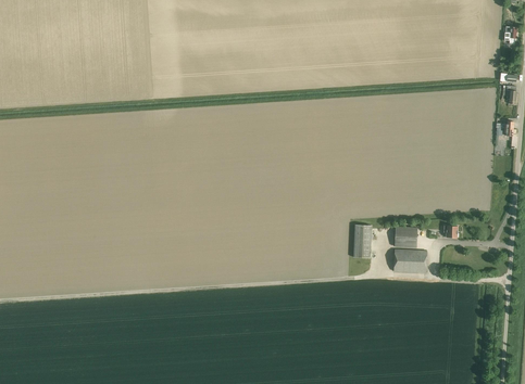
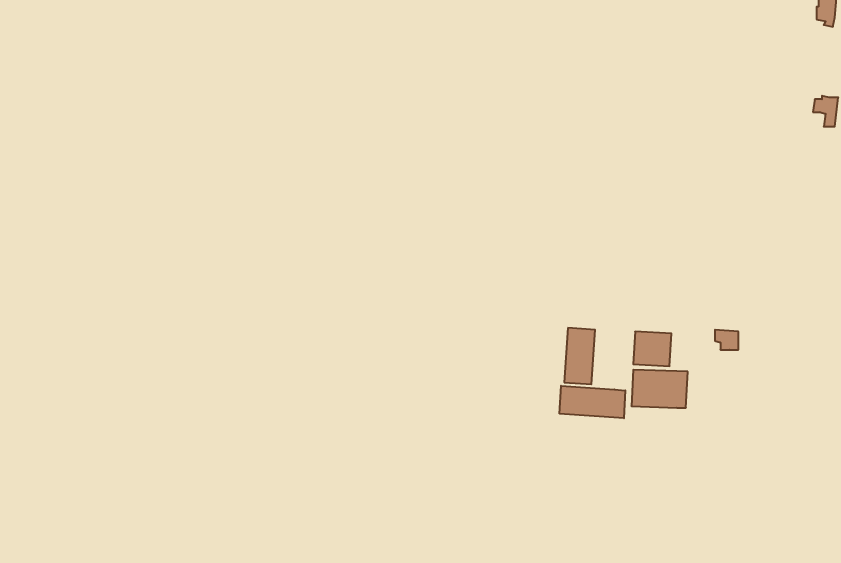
building: none -> [560,386,625,418]

